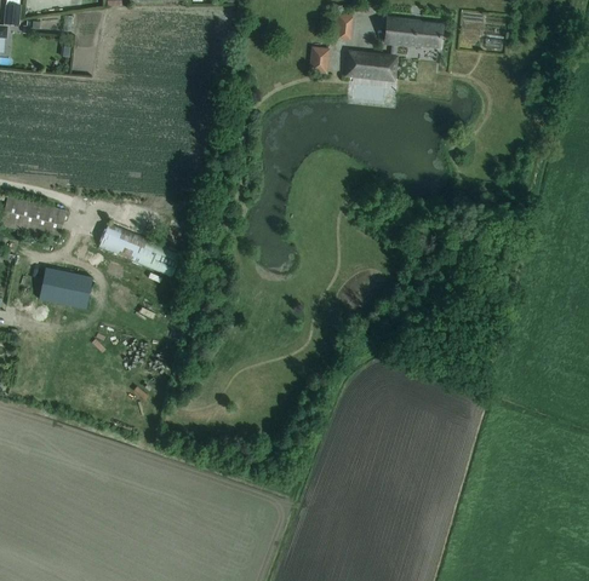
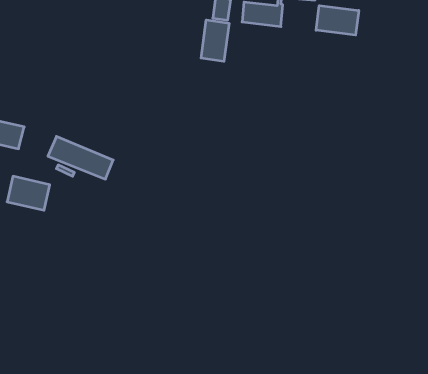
building: none -> [316,6,359,35]
building: none -> [201,20,229,61]

